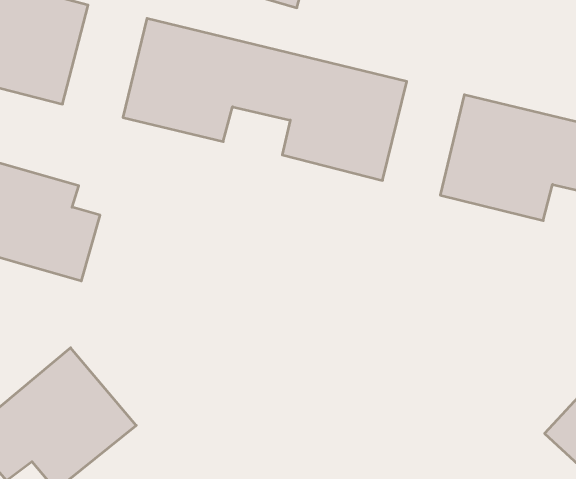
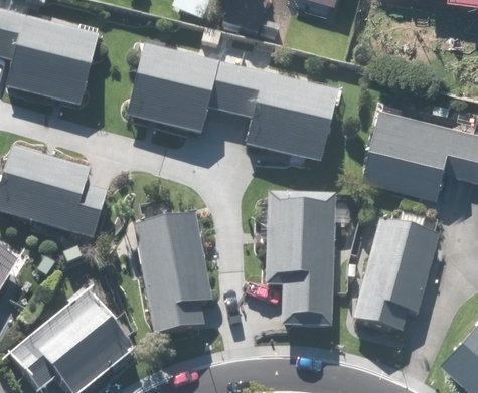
building: none -> [265,190,336,327]
building: none -> [134,212,213,335]
building: none -> [350,217,441,331]

